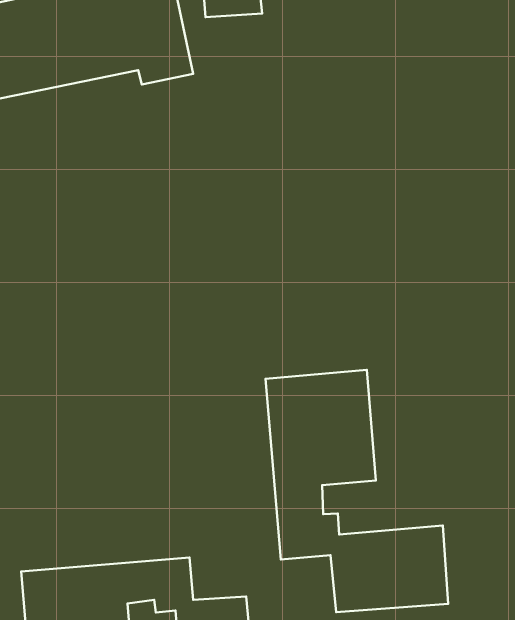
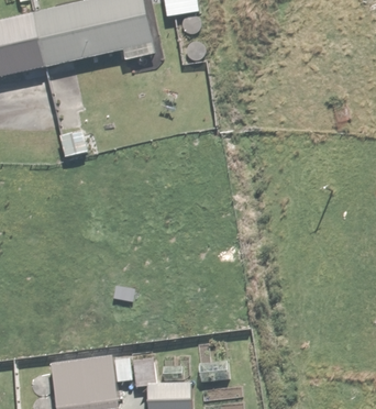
building: [266,370,448,612] -> none

